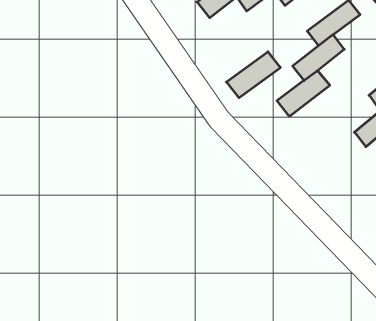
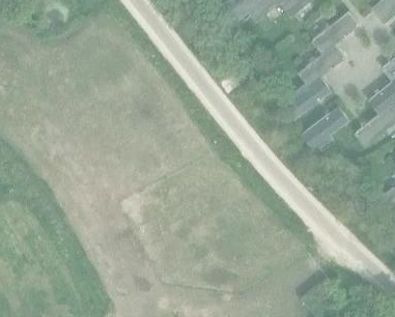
building: [226,52,280,98] -> [300,106,349,148]

